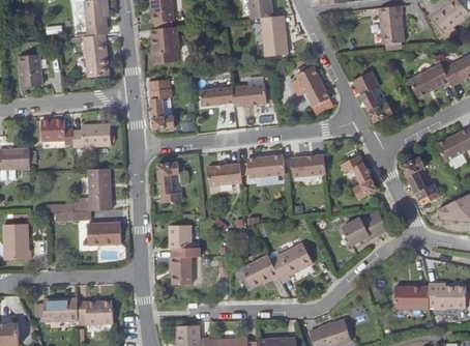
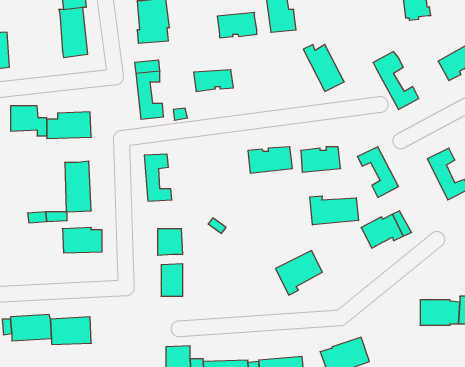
building: [232,85,266,107] -> [217,13,257,38]
building: [207,162,241,185] -> none
building: none -> [310,196,358,225]
building: [240,254,277,286] -> none

